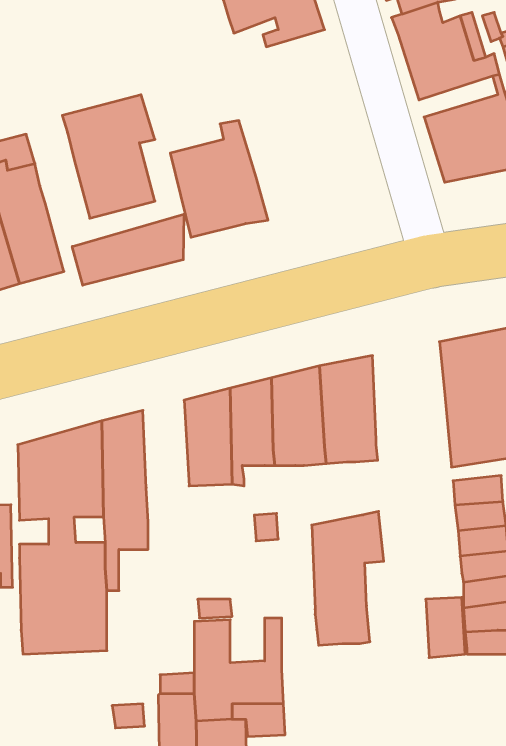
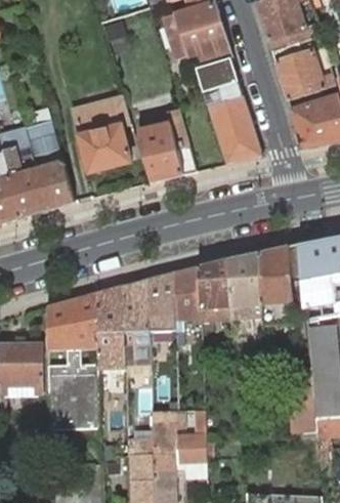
building: none -> [196,57,238,91]
building: none -> [208,95,262,164]
building: [72,214,184,285] -> none
building: none -> [122,279,151,362]
building: [312,511,384,645] -> [259,244,302,324]

